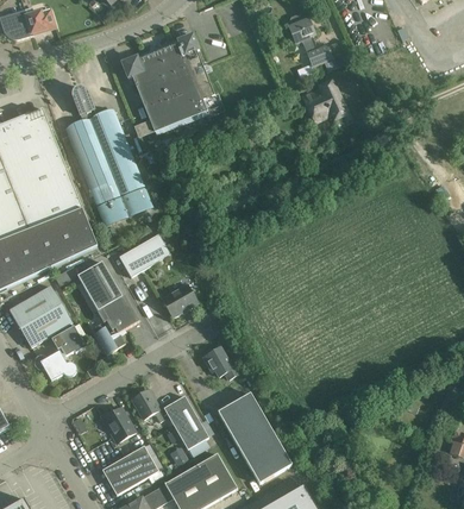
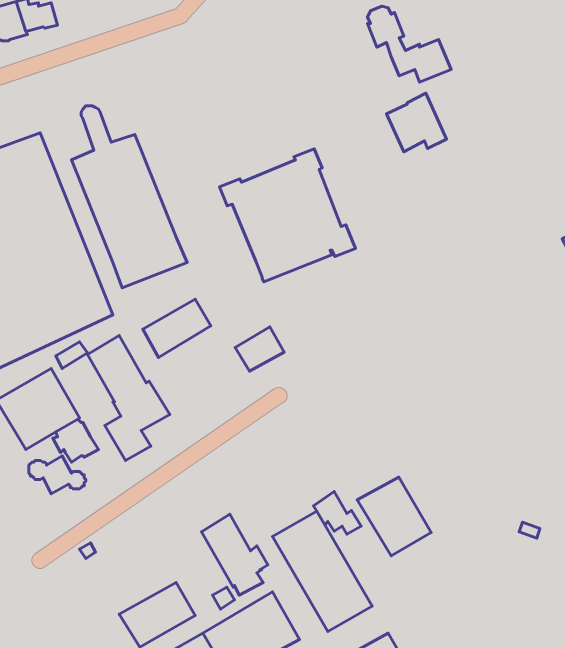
building: [121,34,224,134] -> [219,149,355,282]
building: [161,283,197,316] -> [235,327,284,371]
building: [203,346,239,378] -> [314,491,361,534]
building: none -> [357,477,431,556]
building: [131,389,165,421] -> none
building: [101,407,136,442] -> none

